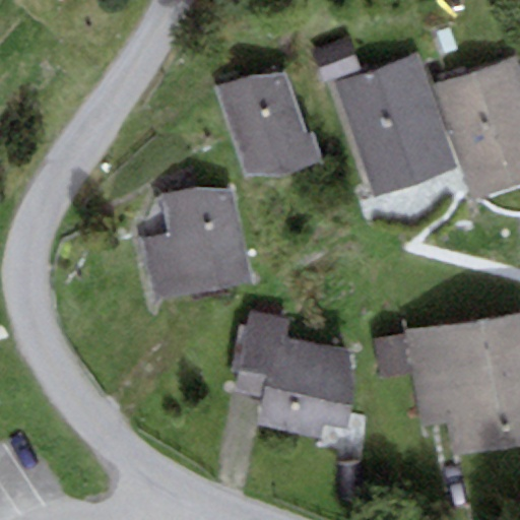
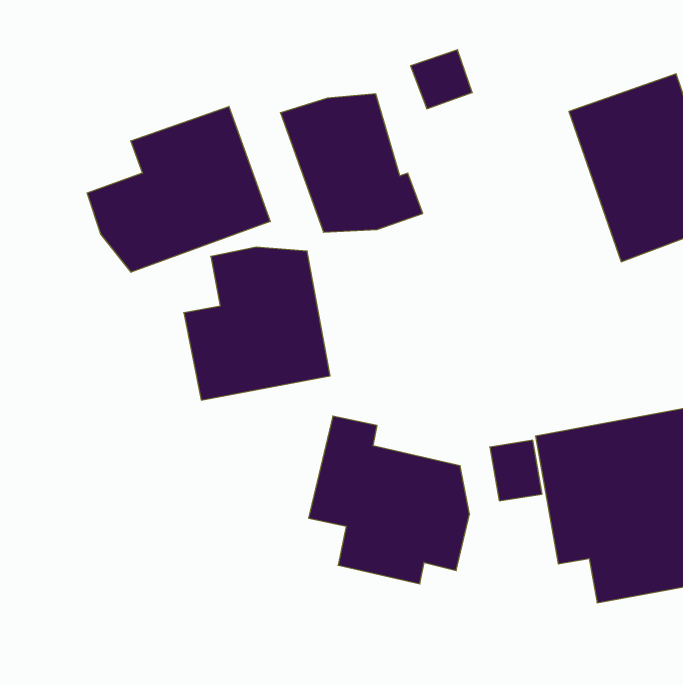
building: [335,54,457,196] -> none
building: none -> [87,106,270,272]

